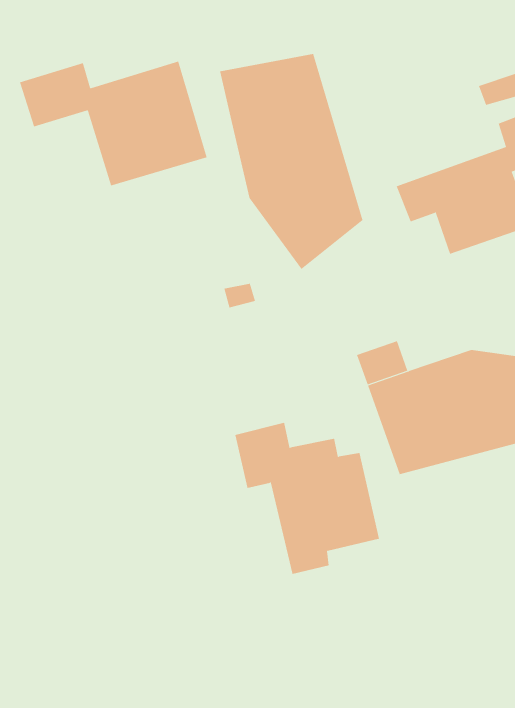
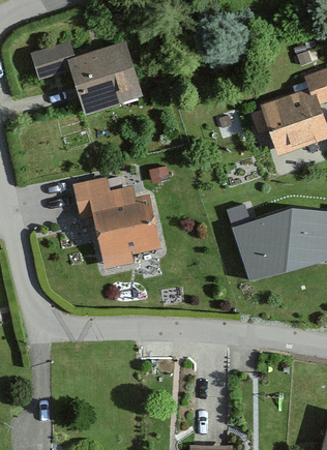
building: [220,53,363,270] -> none
building: [234,422,380,575] -> [75,178,158,266]

